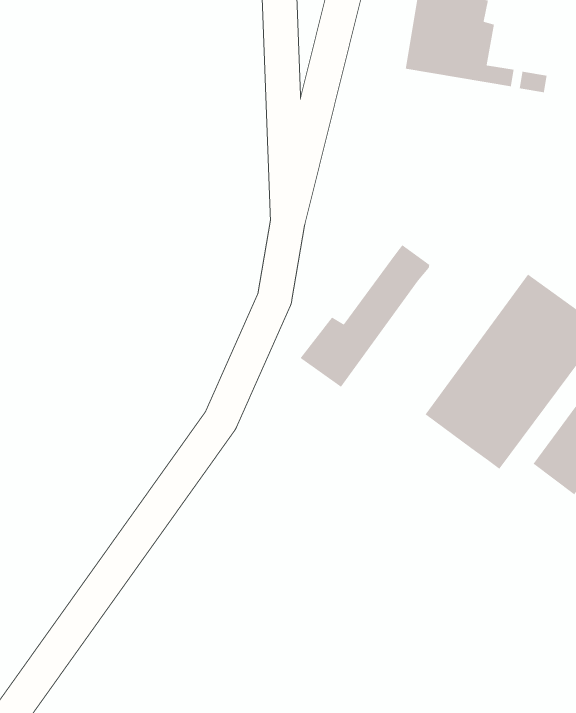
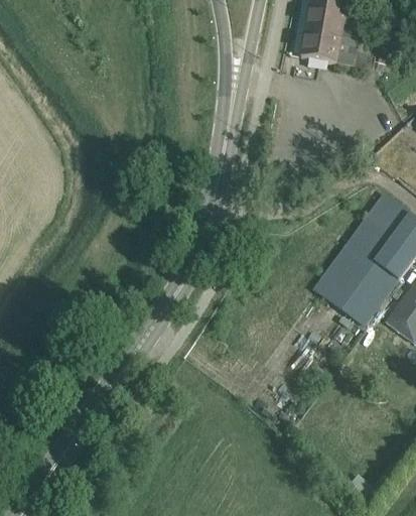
building: [299,244,430,388] -> none

